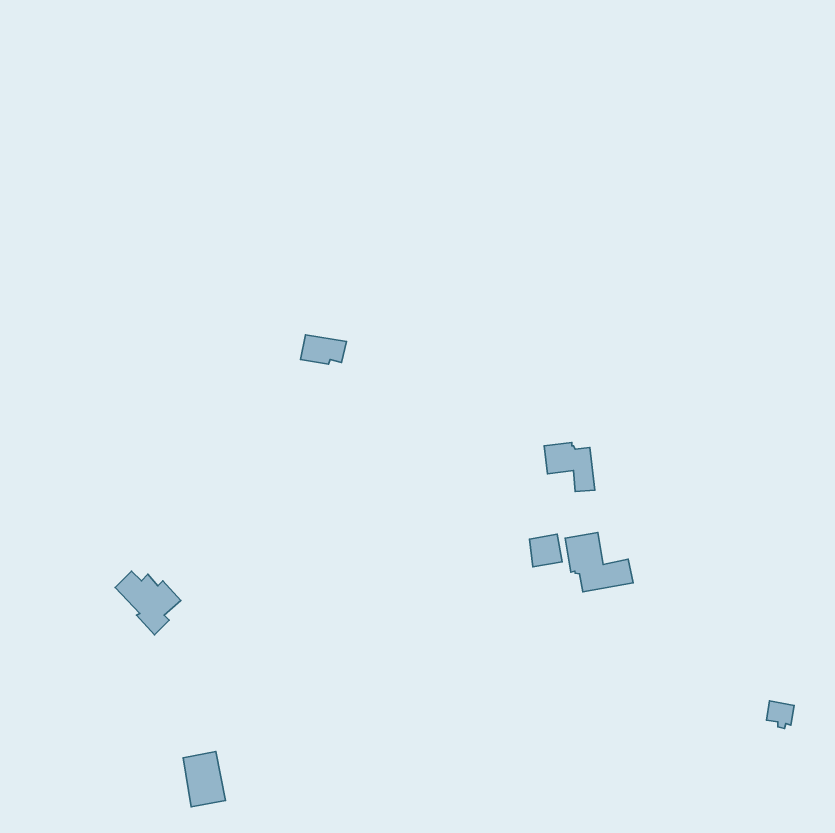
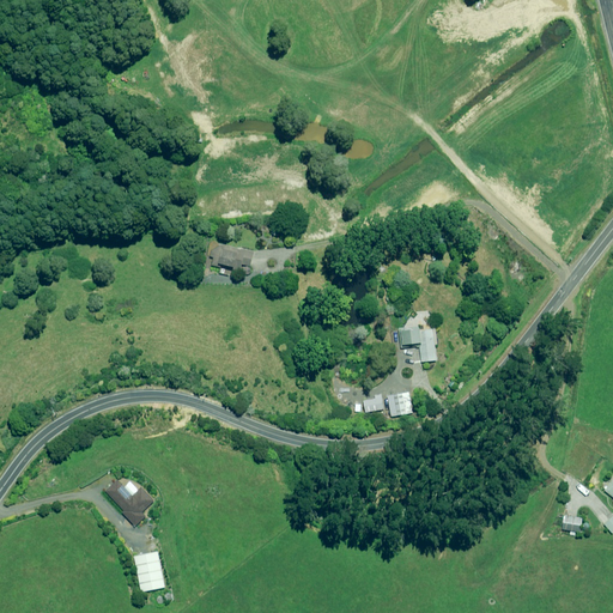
building: [565,532,633,592] -> none
building: [115,571,181,635] -> [107,479,154,526]

